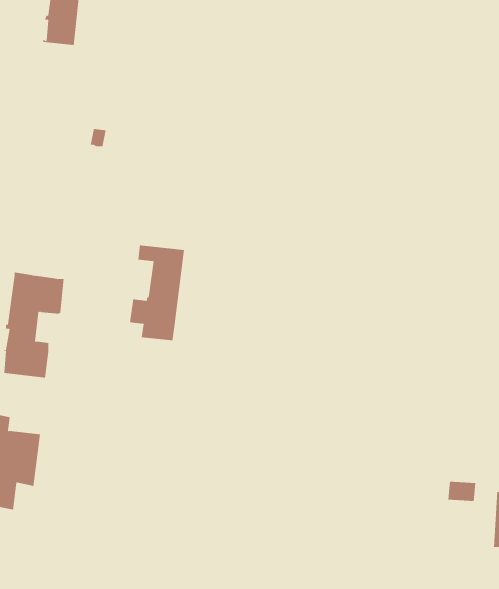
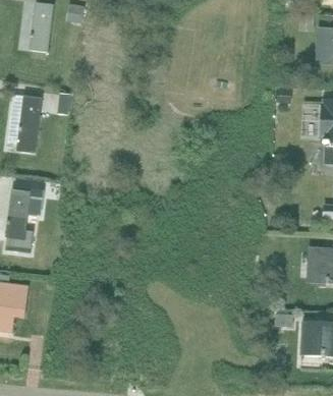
building: [129,245,185,341] -> [8,94,42,152]

